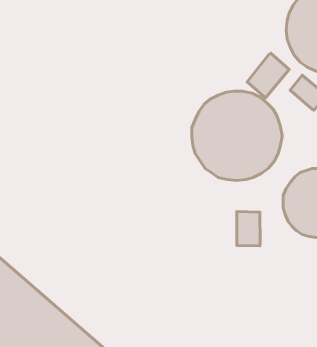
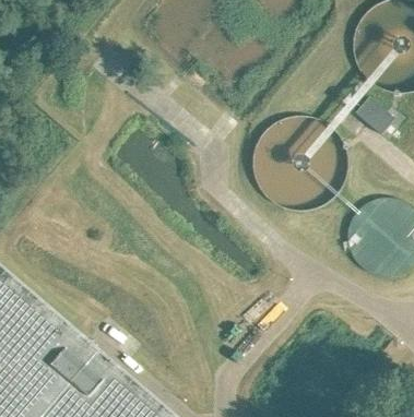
building: [247,53,289,98] -> none
building: [237,212,260,246] -> none

